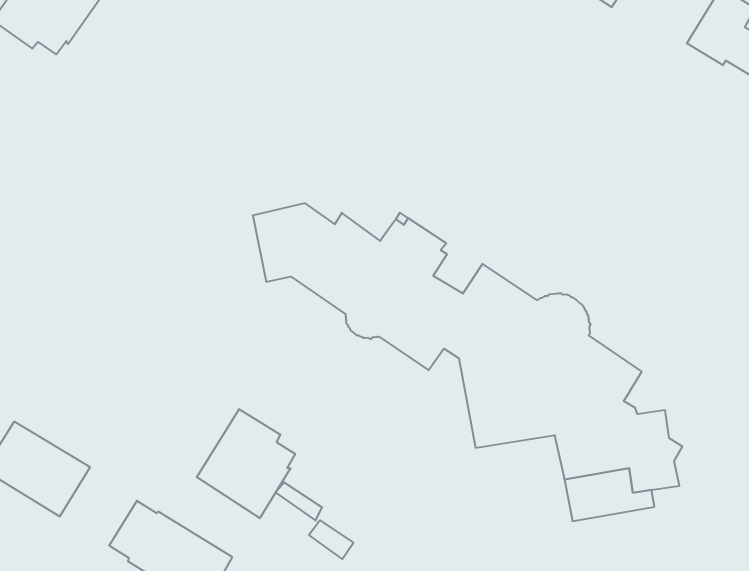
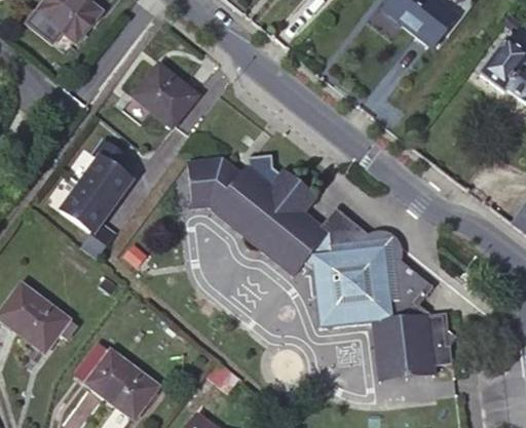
building: none -> [123,64,197,125]
building: none -> [60,140,132,258]
building: [197,409,295,518] -> none

